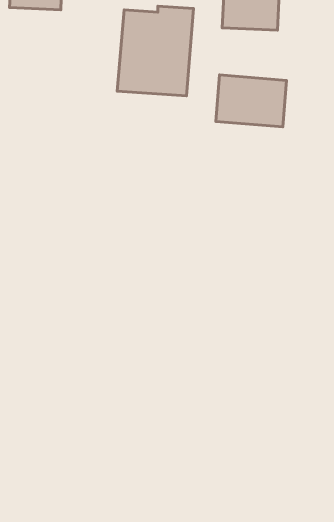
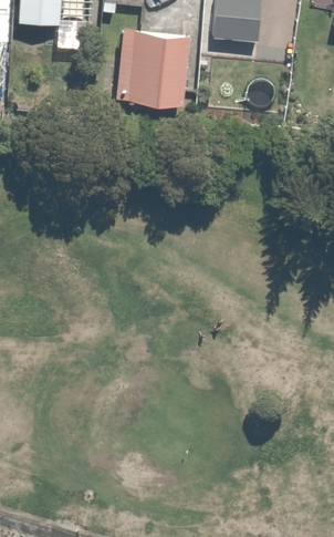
building: [216,75,286,127] -> none

